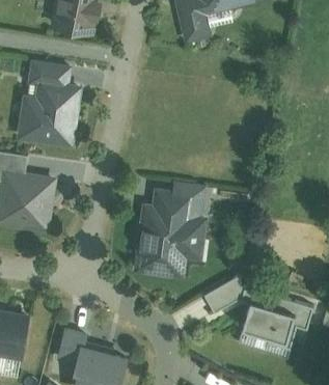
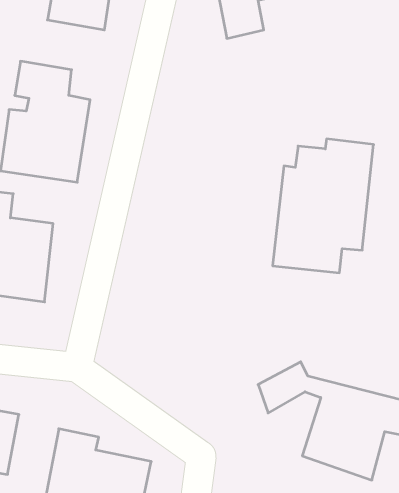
building: [134,184,208,281] -> [273,139,374,273]

